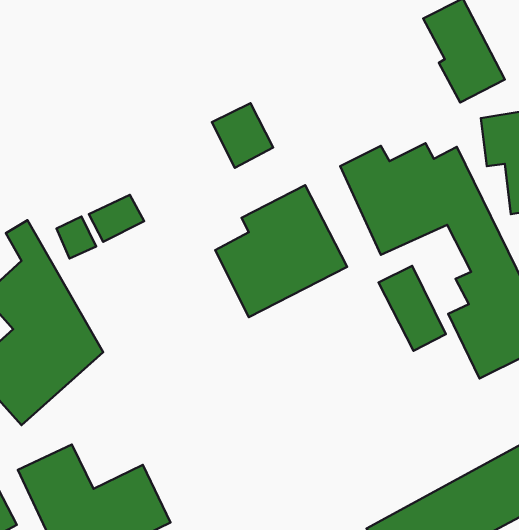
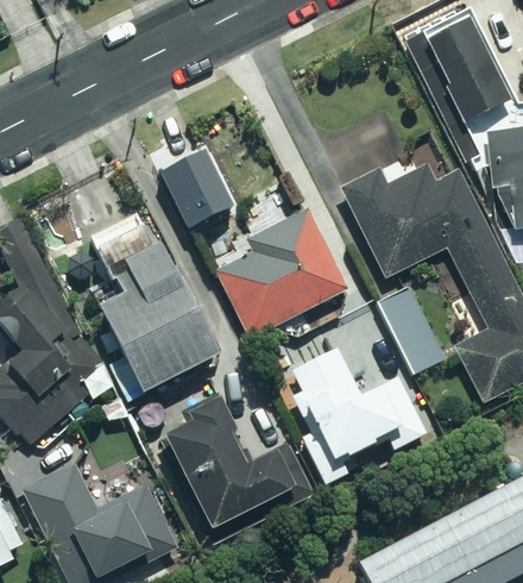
building: [212,103,273,168] -> [171,155,232,219]
building: none -> [94,246,215,395]
building: none -> [292,346,428,483]
building: none -> [149,390,294,531]

